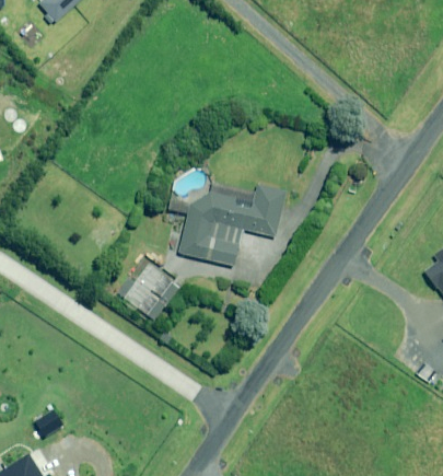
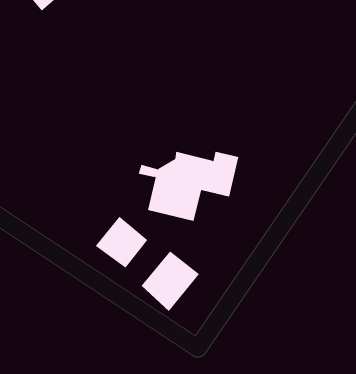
building: none -> [141,251,200,312]

